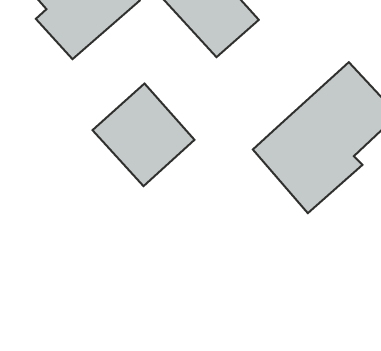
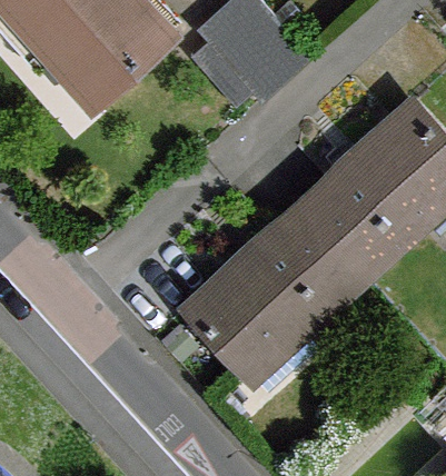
building: [92,83,195,186] -> none
building: none -> [181,214,359,379]

